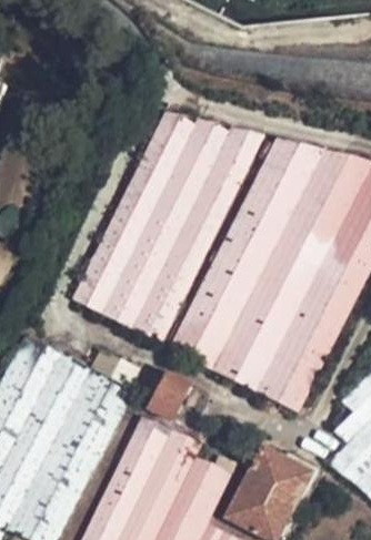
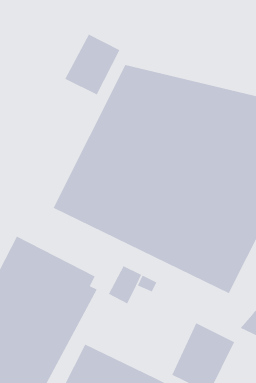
building: none -> [64,34,120,96]
building: [113,422,229,520] -> none

